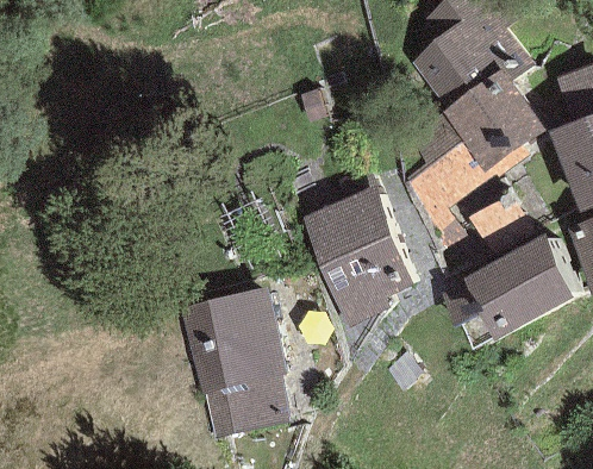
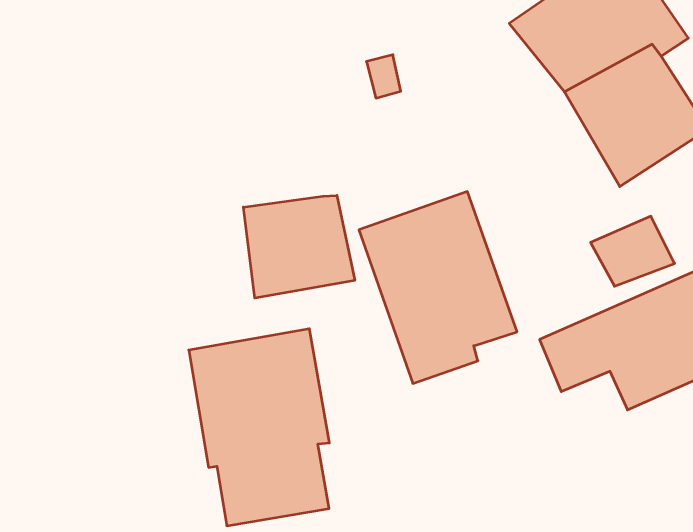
building: [407,108,493,242] -> none
building: none -> [243,195,355,298]

